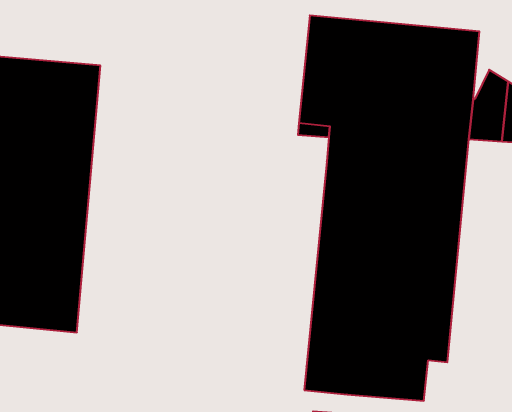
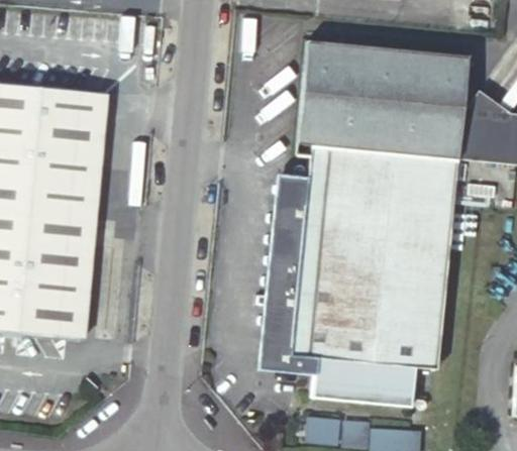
building: none -> [257,176,322,373]

